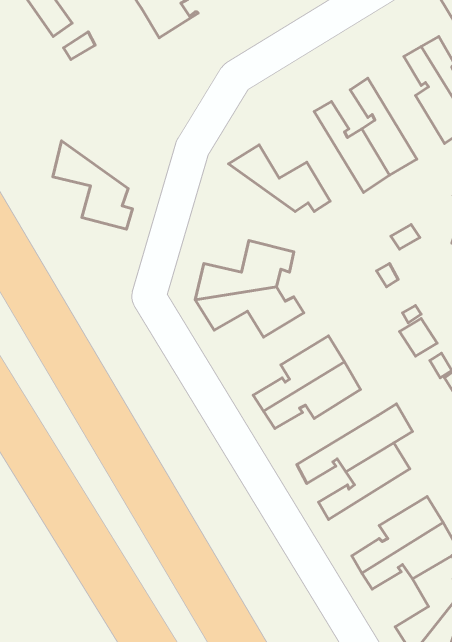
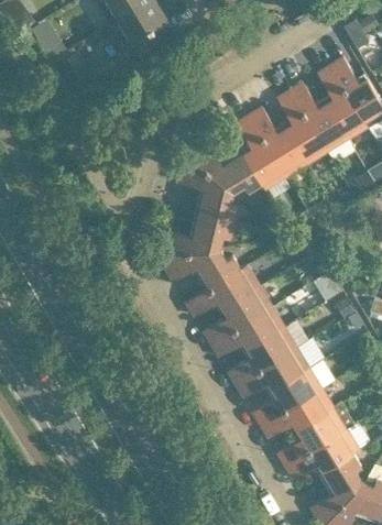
building: none -> [290,83,348,152]
building: none -> [236,116,286,189]
building: [53,141,132,229] -> [177,155,238,222]
building: none -> [186,265,260,317]
building: none -> [228,327,297,384]
building: none -> [260,387,335,438]

